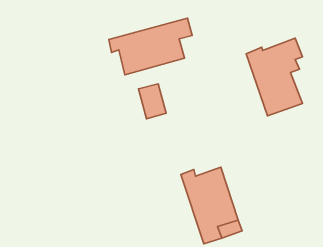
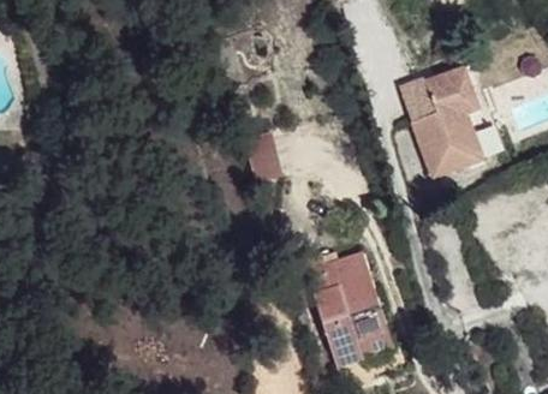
building: [109,18,192,75] -> none

